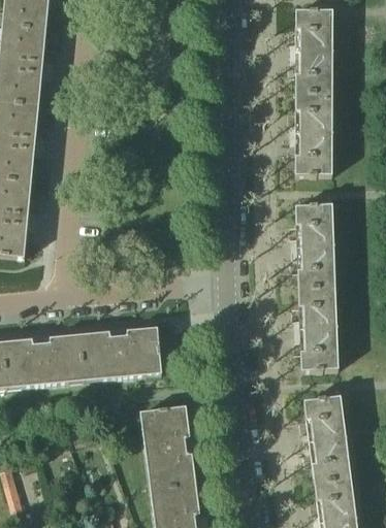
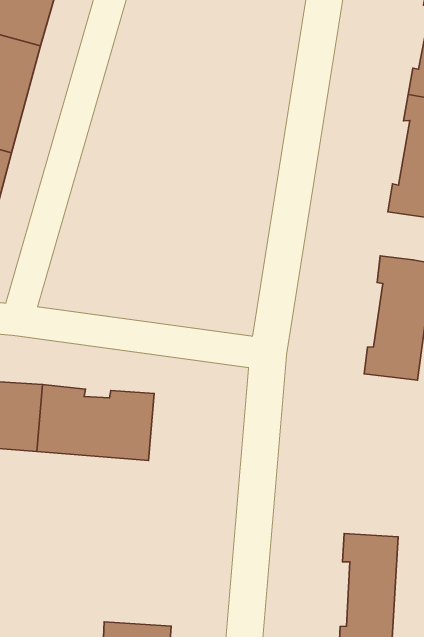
building: [298,286,337,369] -> none
building: [140,405,196,488] -> none

